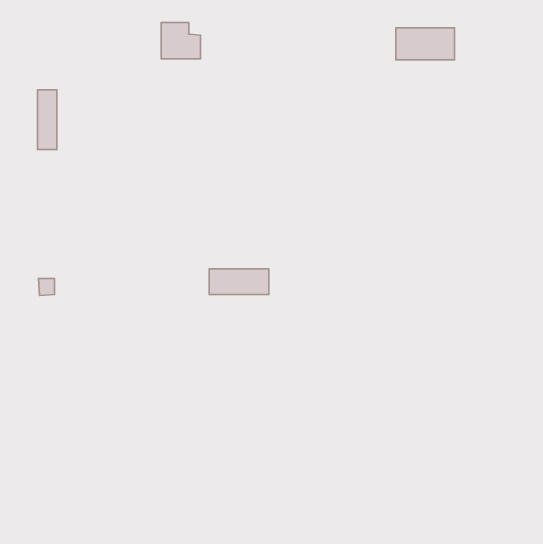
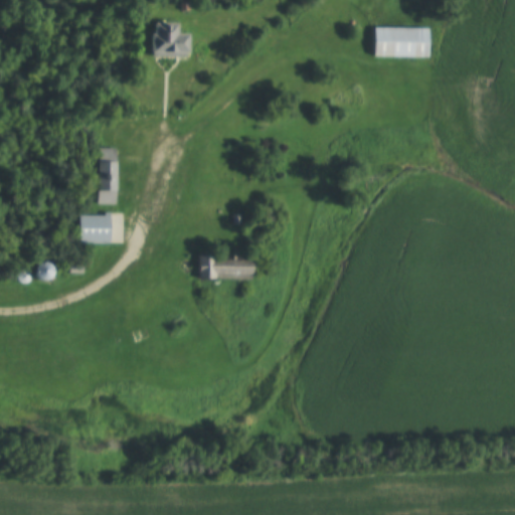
building: [38,90,57,150] -> [99,148,117,204]
building: none -> [80,214,123,244]

